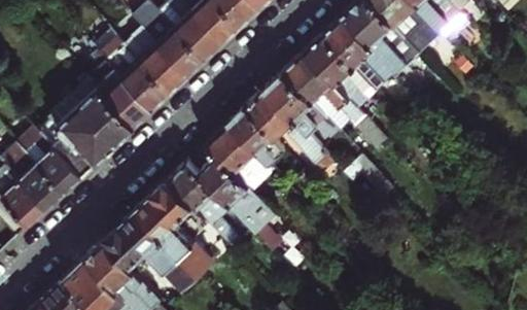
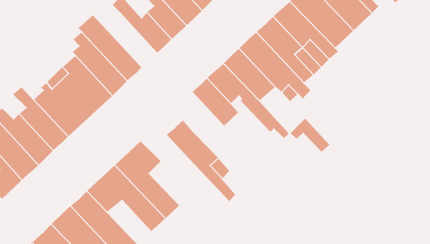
building: [134,30,188,94] -> none
building: [208,123,272,177] -> none
building: [169,162,238,244] -> none

